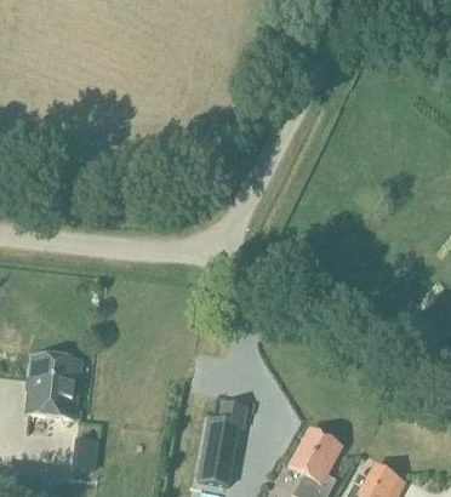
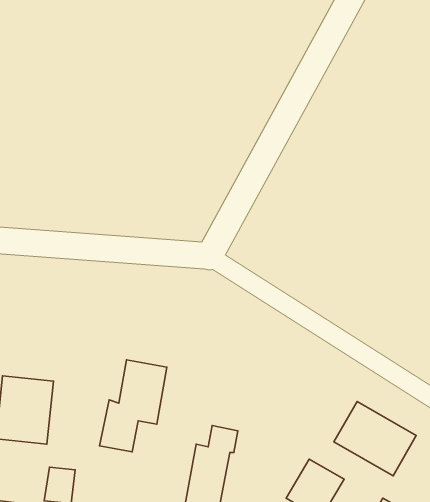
building: none -> [100,360,167,452]
building: none -> [334,402,416,476]

